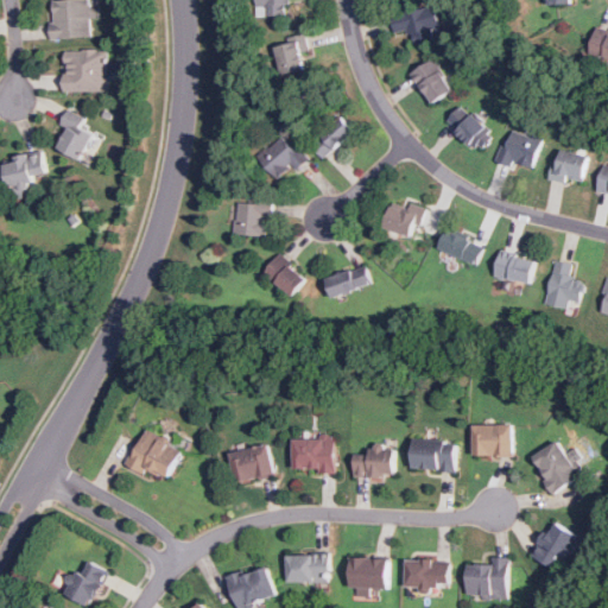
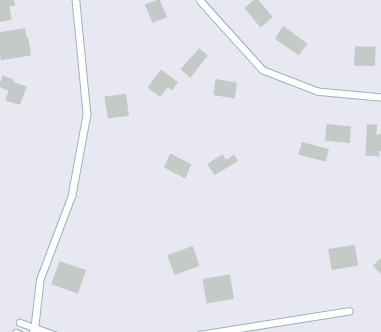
building: [496,128,539,170] -> none
building: [234,202,267,235] -> [103,93,130,119]
building: [381,204,419,238] -> [212,79,238,99]
building: [436,229,482,264] -> [297,141,330,162]
building: [126,430,180,481] -> [50,261,87,294]
building: [410,438,455,470] -> none
building: [227,444,272,482] -> [166,245,201,276]
building: [352,449,392,476] -> none

